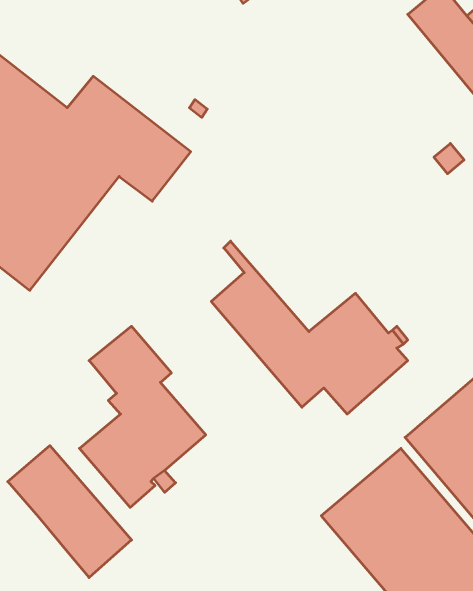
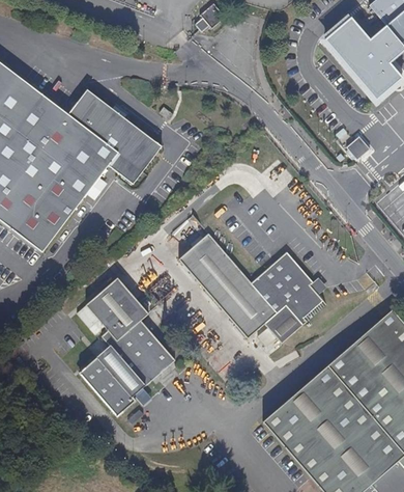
building: [8,446,132,578] -> none

